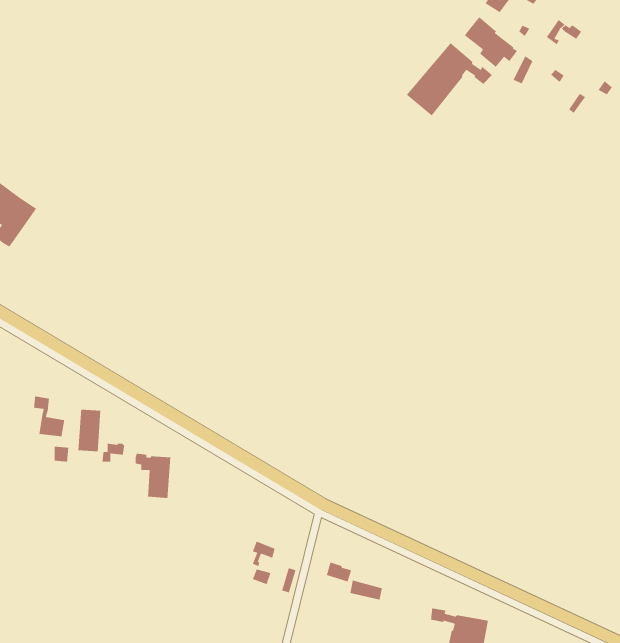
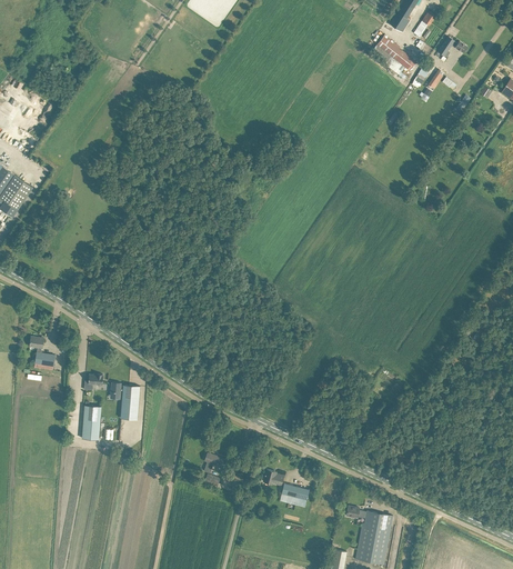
building: [406,42,493,116] -> none
building: [78,409,101,452] -> [81,406,100,440]

